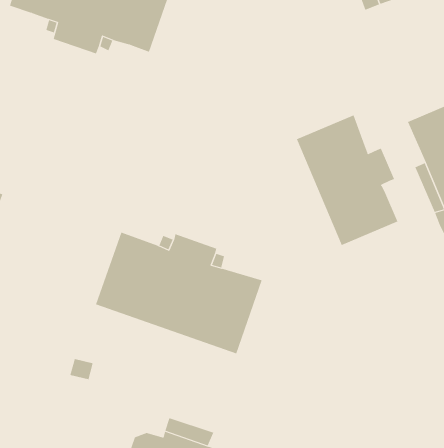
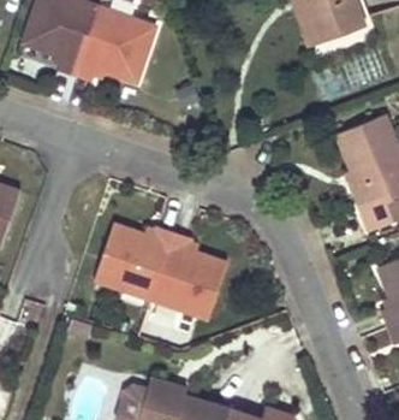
building: [296,115,398,246] -> none

